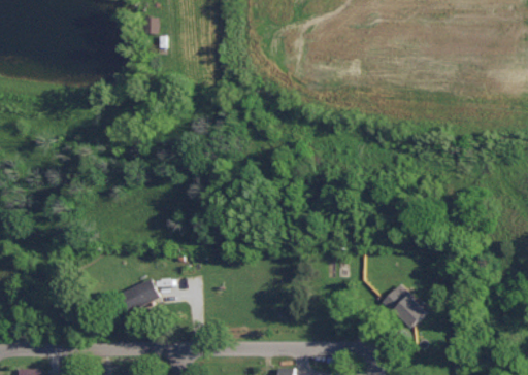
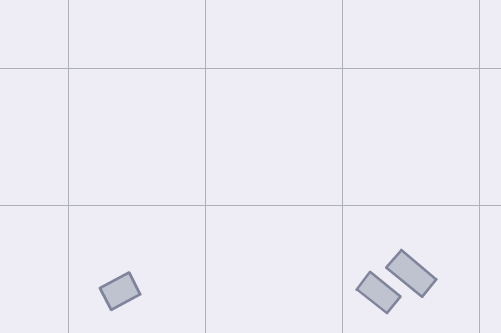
building: none -> [357,272,400,313]

